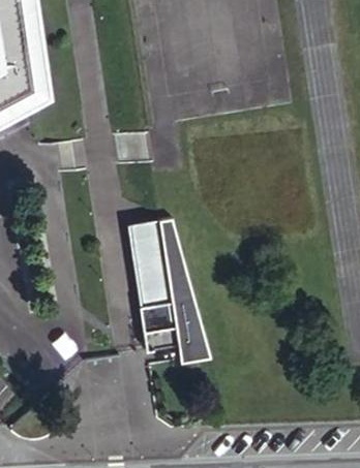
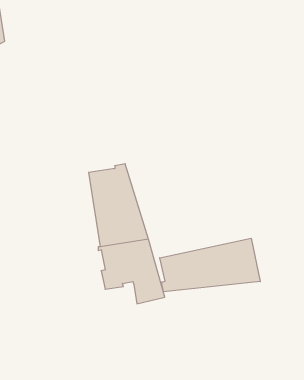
building: none -> [160,238,260,292]

